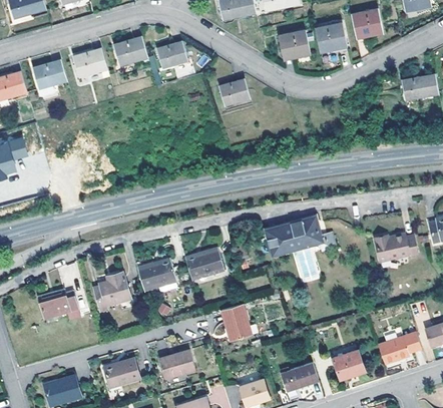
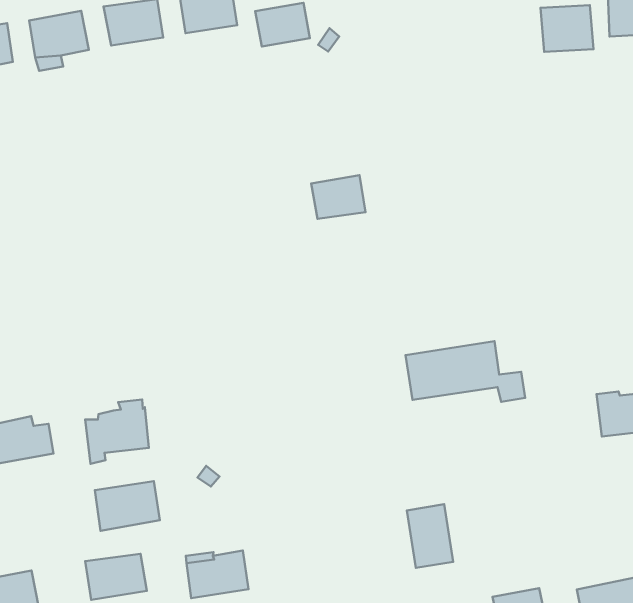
building: [279,30,311,60] -> none
building: [218,79,251,106] -> [311,175,366,219]
building: [185,249,225,280] -> none
building: [138,260,176,291] -> [95,481,160,531]
building: [223,304,252,341] -> [407,504,453,568]

